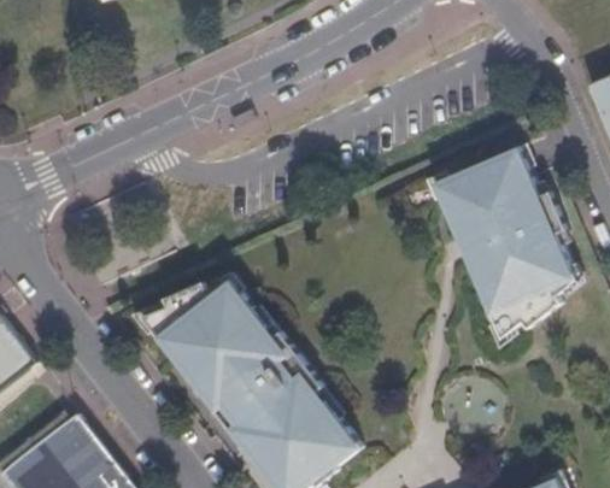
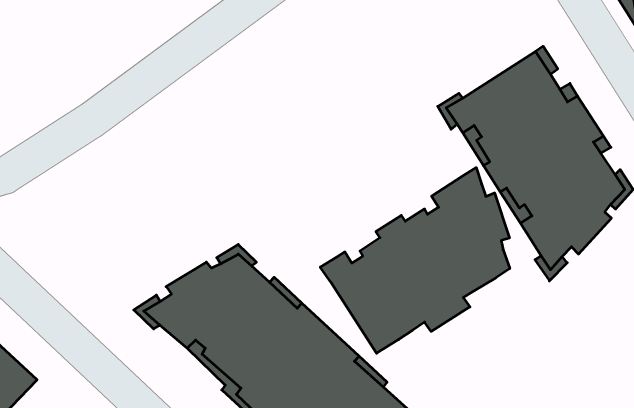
building: none -> [320,168,510,353]

